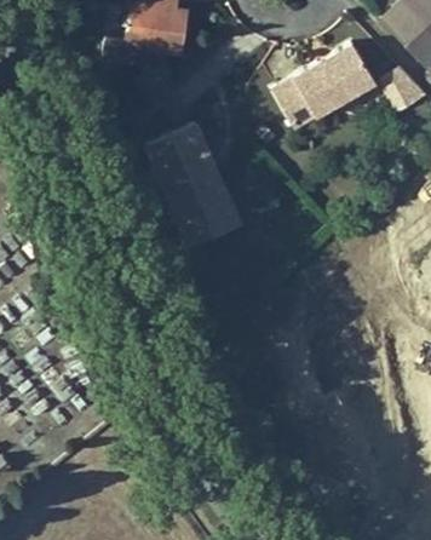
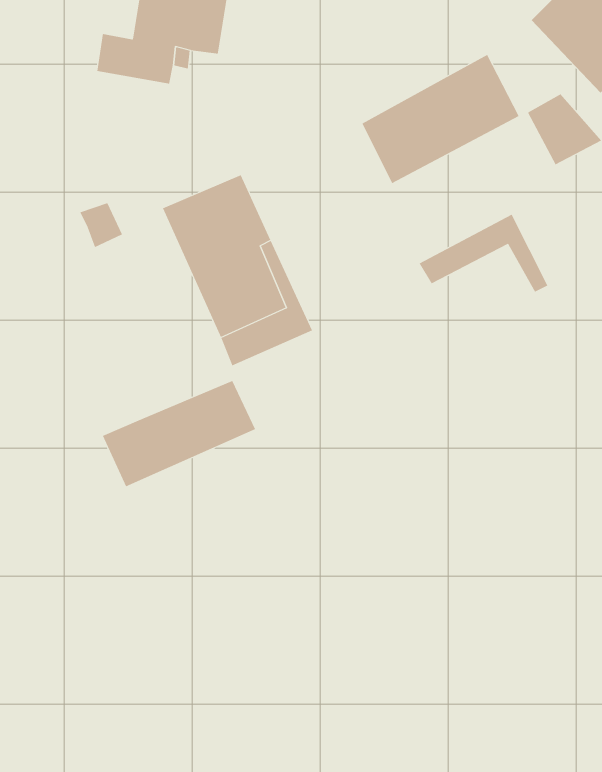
building: none -> [419,214,548,292]
building: none -> [102,380,256,487]

